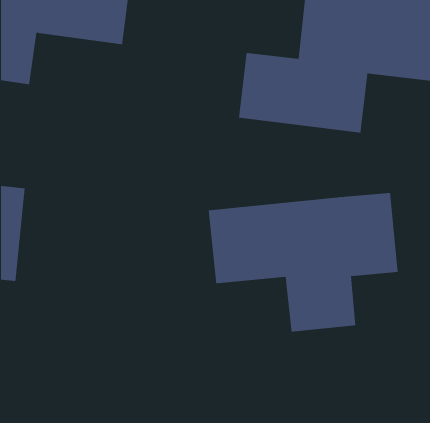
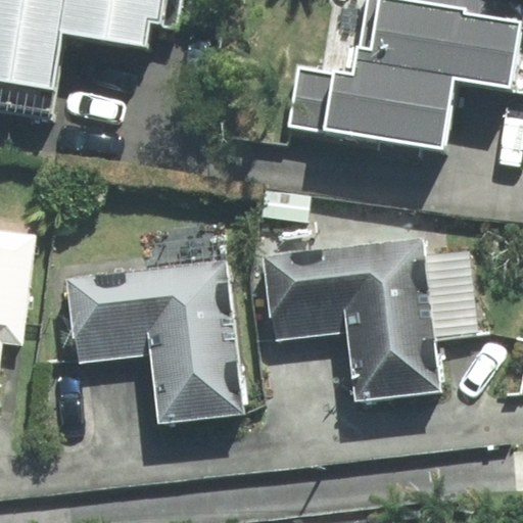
building: none -> [68,258,239,425]

